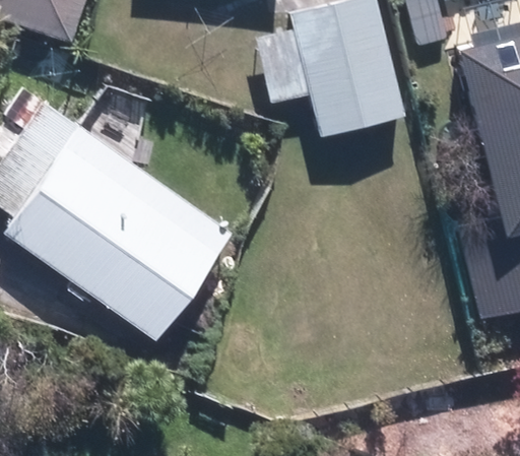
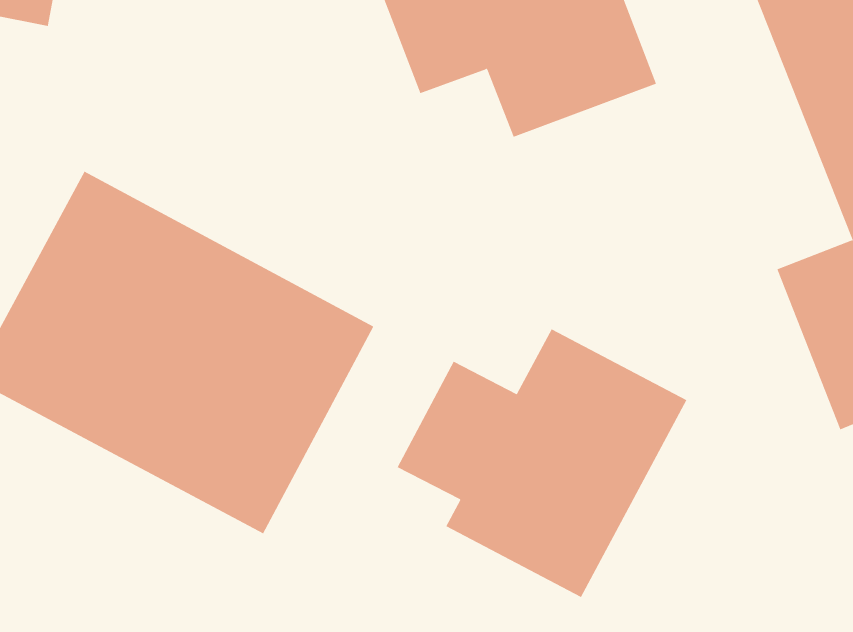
building: none -> [397,329,687,598]

